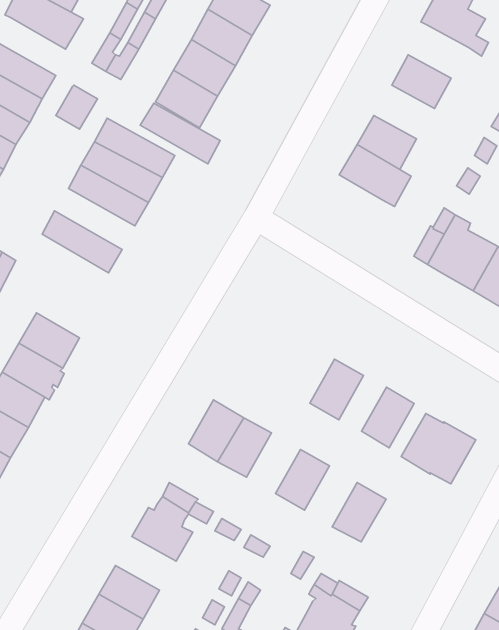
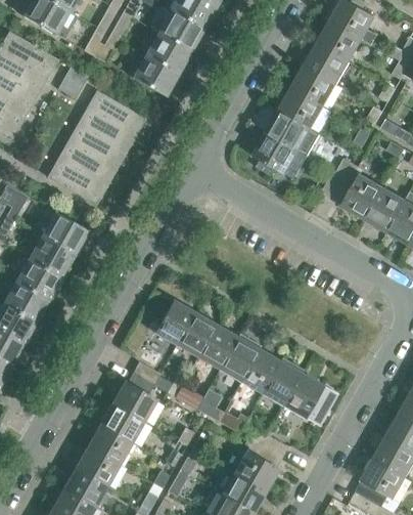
building: none -> [317,22,362,61]
building: none -> [291,67,336,106]
building: [140,103,220,164] -> [55,143,114,188]
building: none -> [253,133,307,179]
building: none -> [42,212,89,255]
building: [310,359,364,420] -> [197,325,237,370]
building: [362,387,414,448] -> [240,349,279,394]
building: [401,414,476,484] -> [282,374,337,426]
building: none -> [100,401,145,441]

